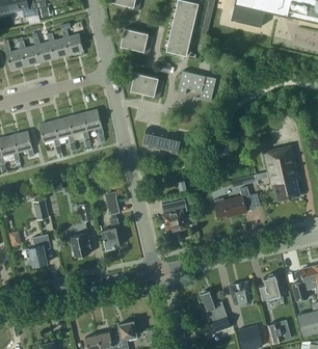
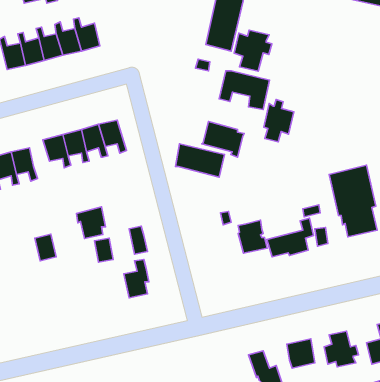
building: [121,27,153,55] -> none
building: none -> [234,30,272,71]
building: [130,72,163,100] -> [202,121,244,157]
building: none -> [264,99,294,142]
building: [163,205,186,231] -> [238,220,267,253]
building: [69,232,91,257] -> [76,207,106,239]
building: [25,234,51,266] -> none

